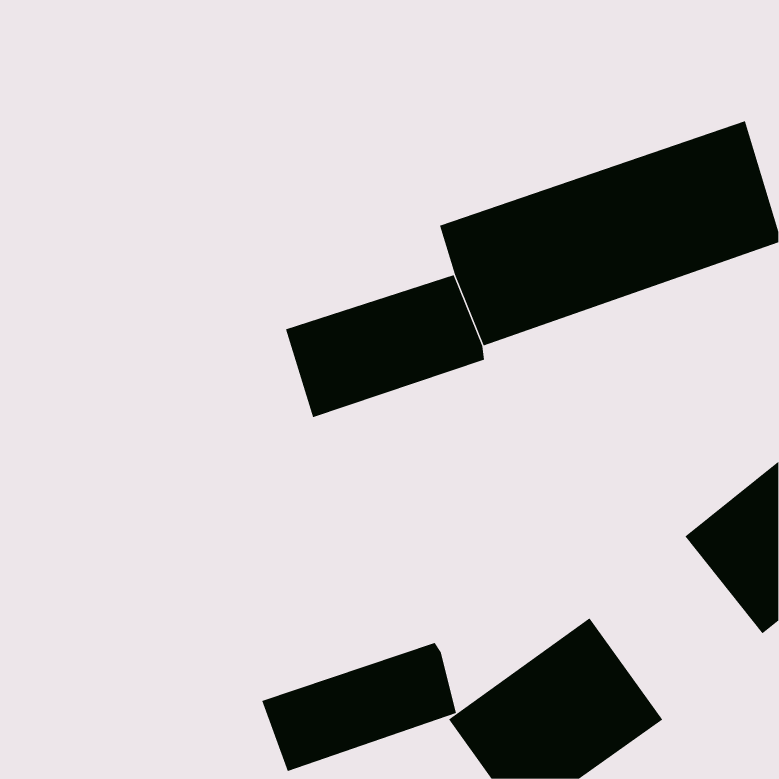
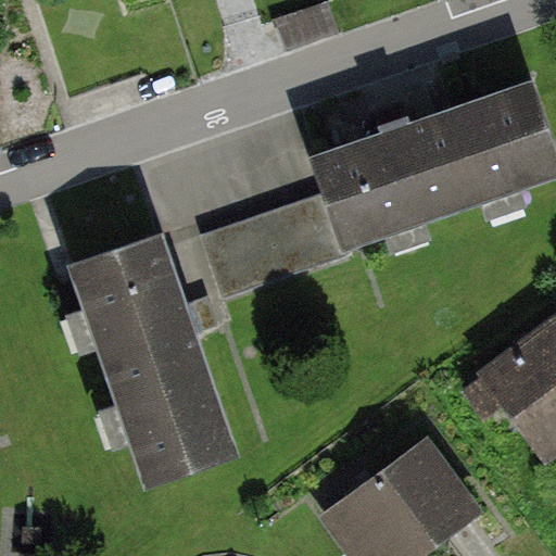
building: none -> [72,237,232,483]
building: [262,642,457,772] -> none

